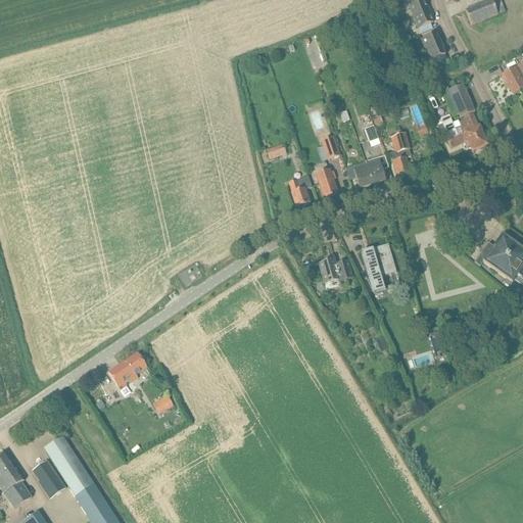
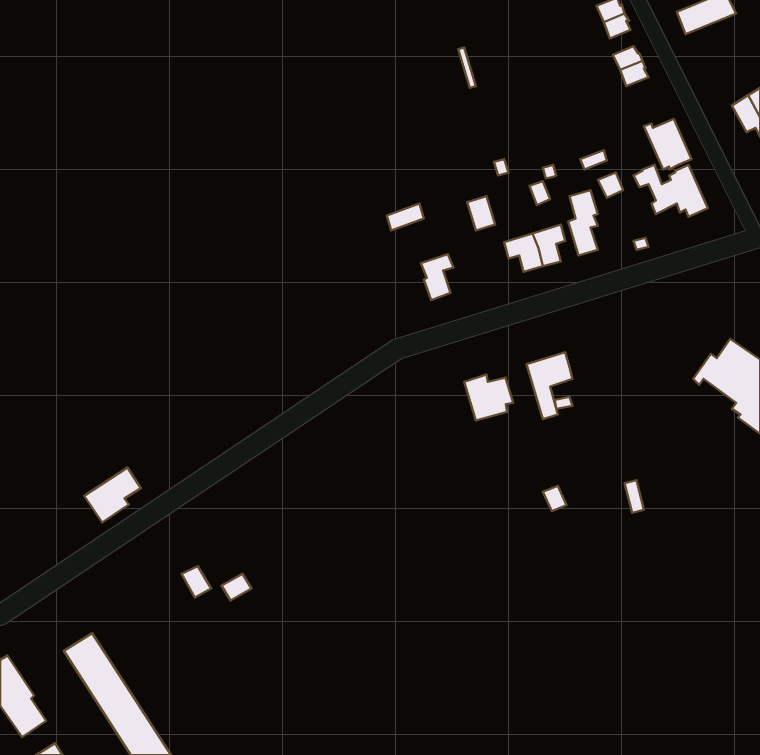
building: [316,168,338,197] -> none
building: [108,351,147,389] -> [84,467,141,522]
building: [33,459,65,497] -> none

